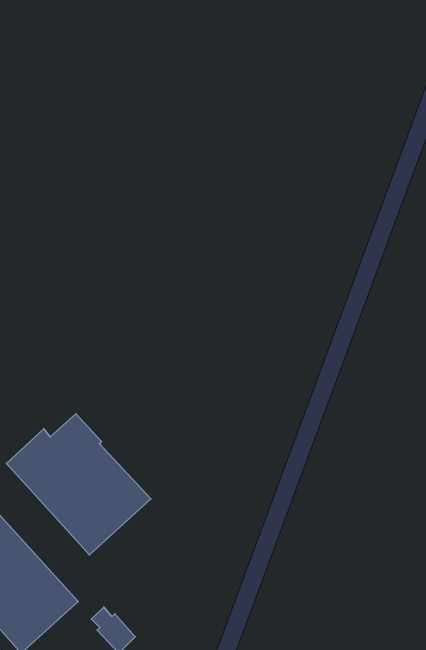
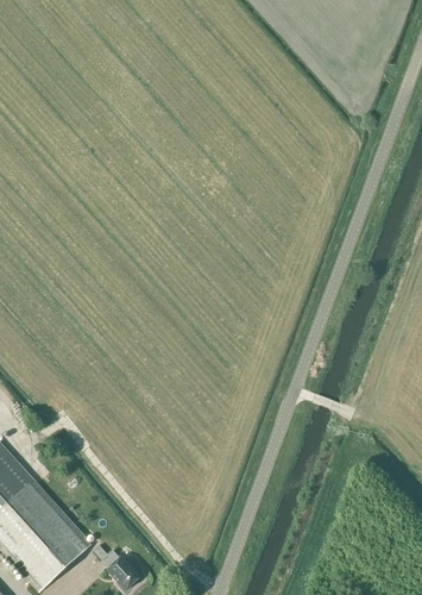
building: [6,414,151,555] -> none

